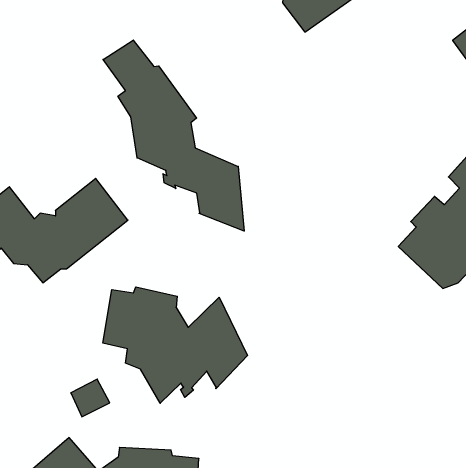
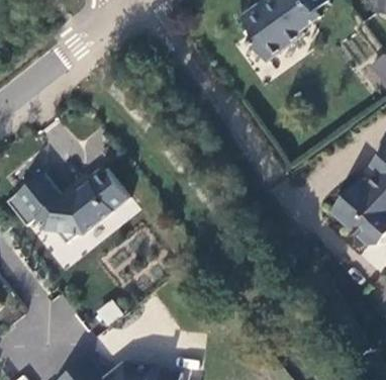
building: [103,40,244,231] -> none
building: [103,287,248,403] -> none

